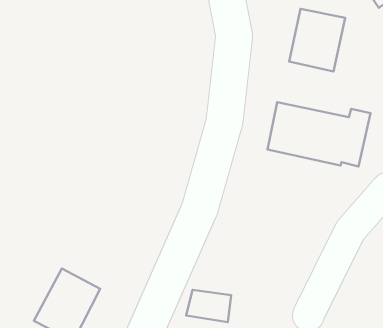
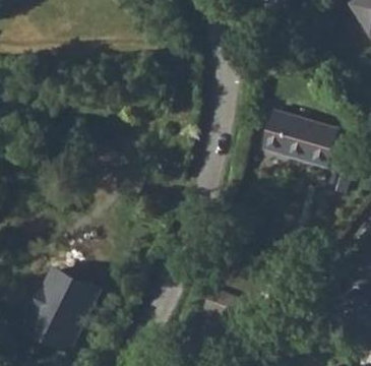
building: [289,9,345,71] -> none

